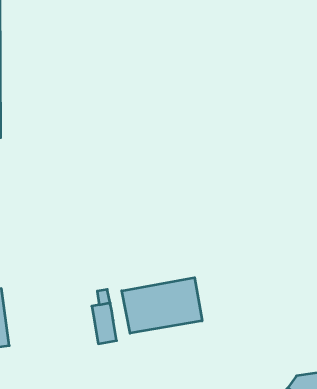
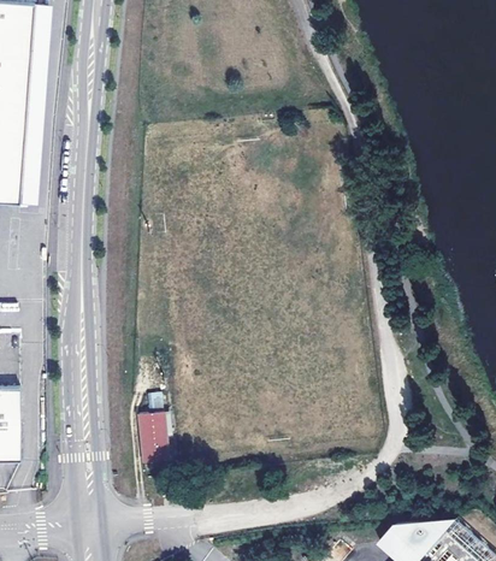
building: [122,278,202,333] -> none

